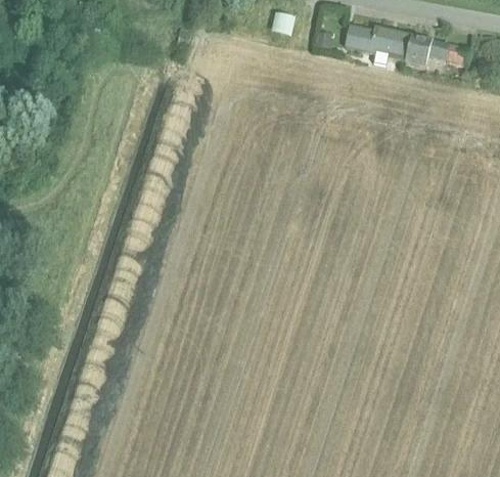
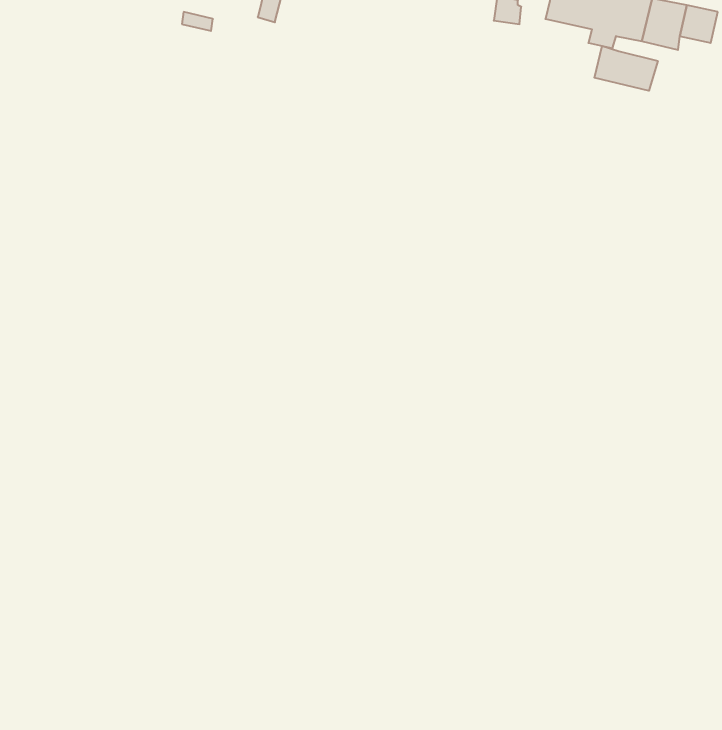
building: none -> [594,46,658,91]

